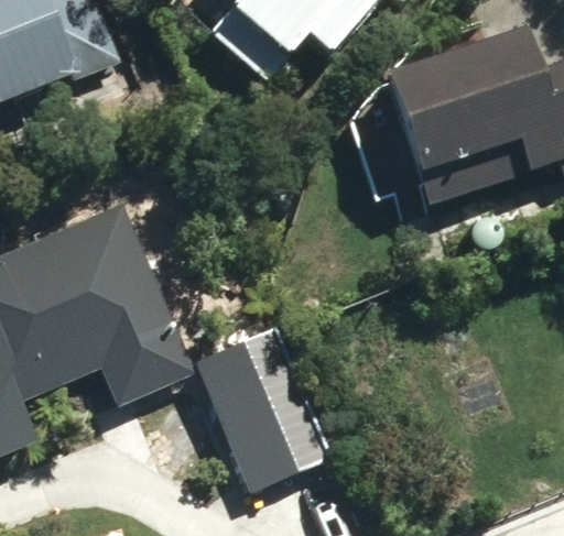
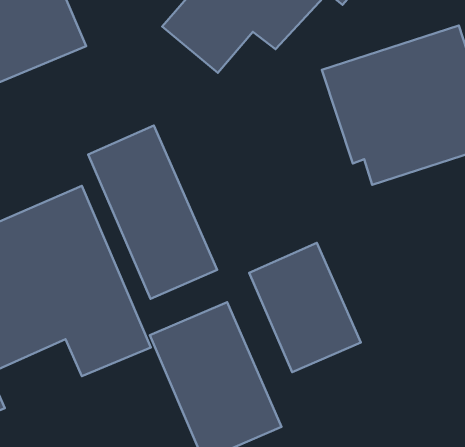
building: none -> [88,125,217,299]
building: none -> [249,243,361,372]

